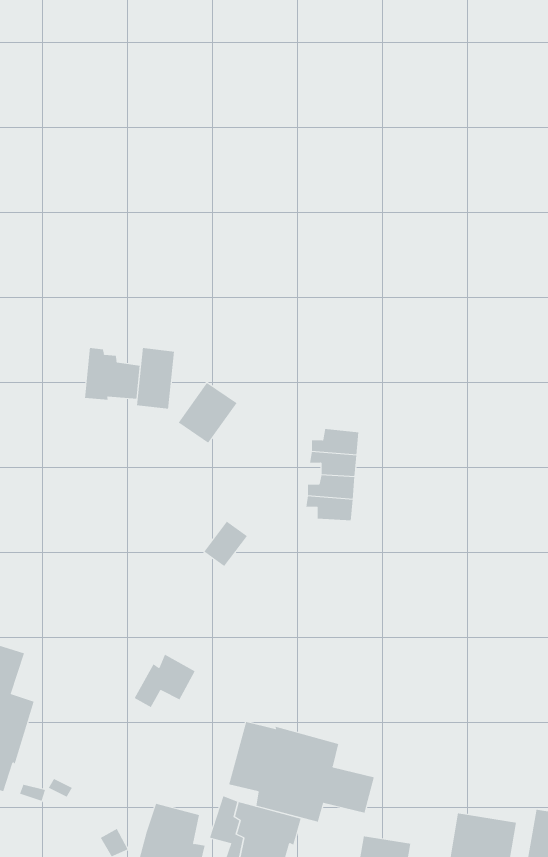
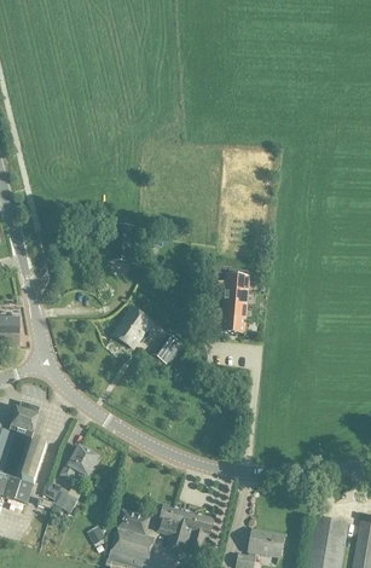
building: [84,347,140,400] -> none
building: [178,382,237,444] -> [114,308,151,347]
building: [134,654,195,708] -> [59,446,98,480]
building: [229,721,374,823] -> none

